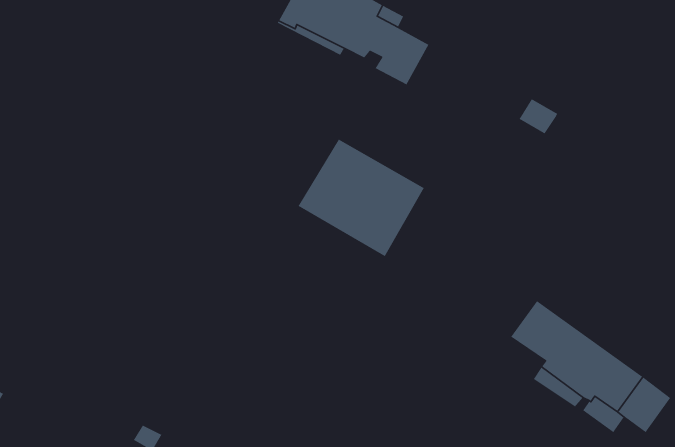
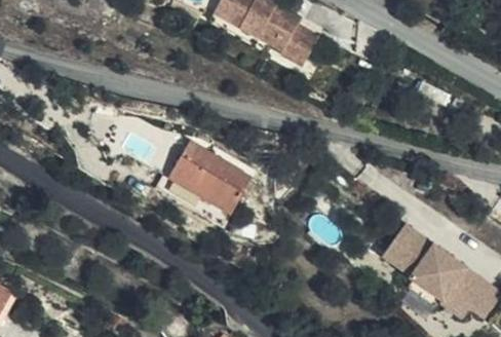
building: [298,138,425,257] -> [159,140,252,226]

